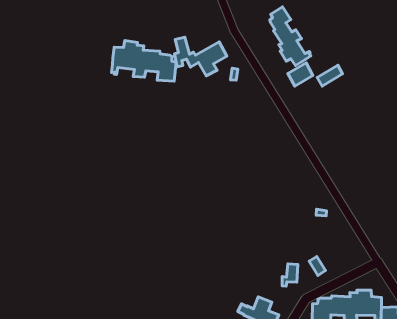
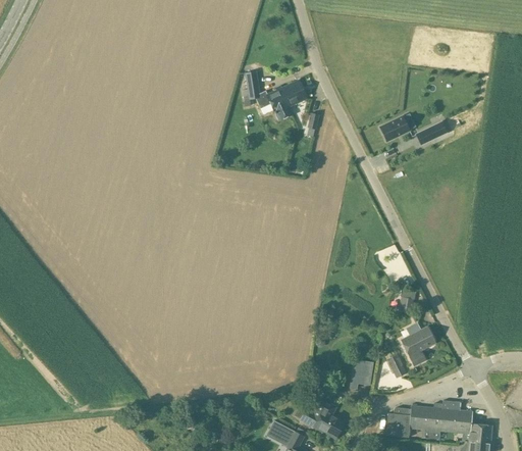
building: [270,7,311,66] -> none
building: [112,40,176,81] -> none
building: none -> [400,322,435,365]

